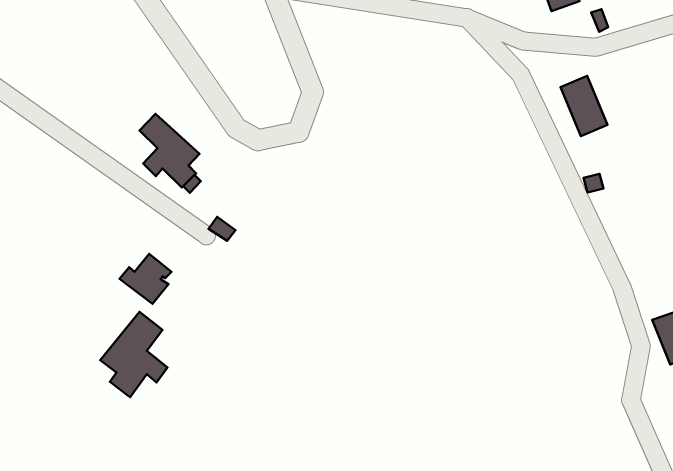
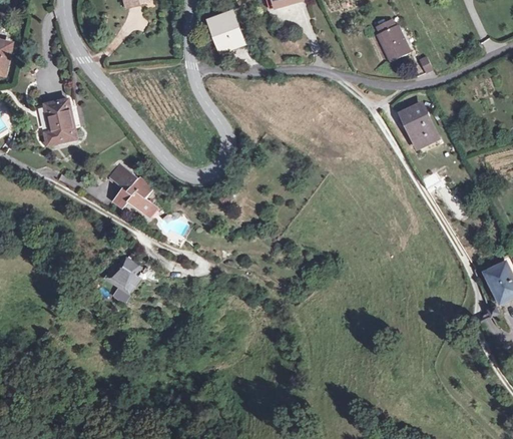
building: none -> [45,99,76,144]
building: [100,312,168,397] -> none

